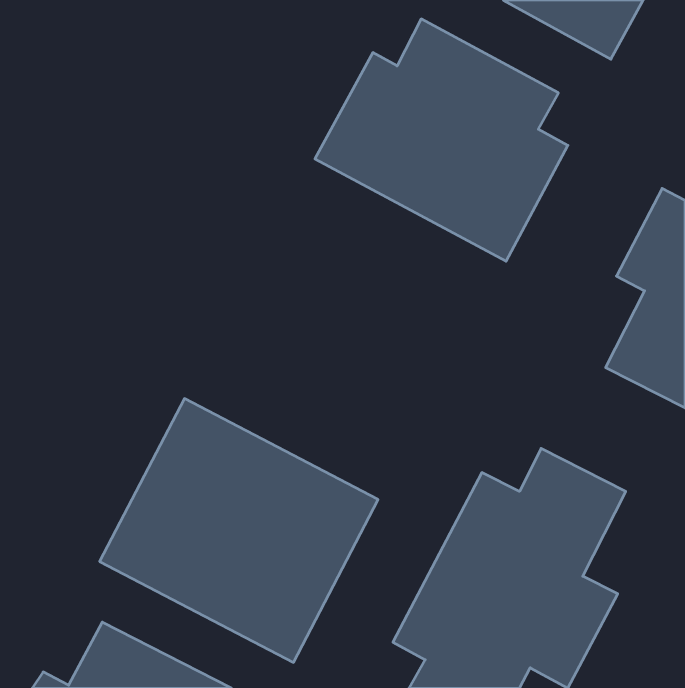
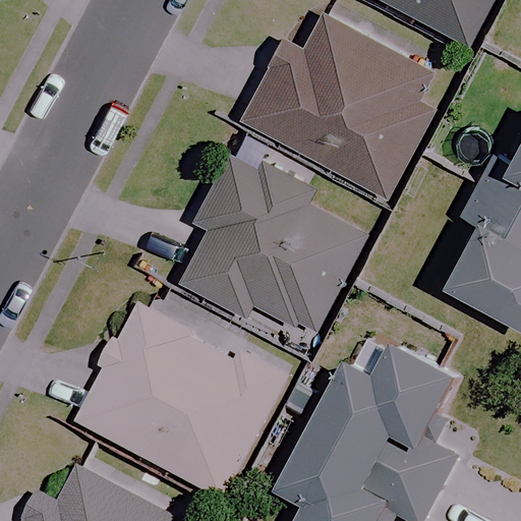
building: none -> [179,157,362,337]

